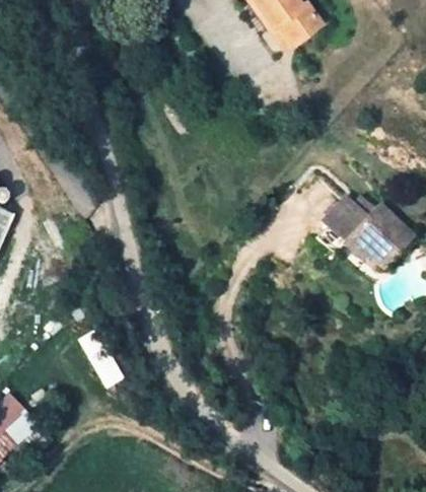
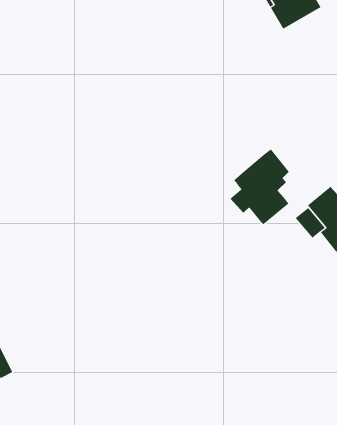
building: none -> [230,148,290,225]

